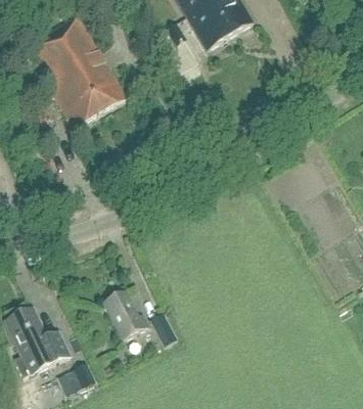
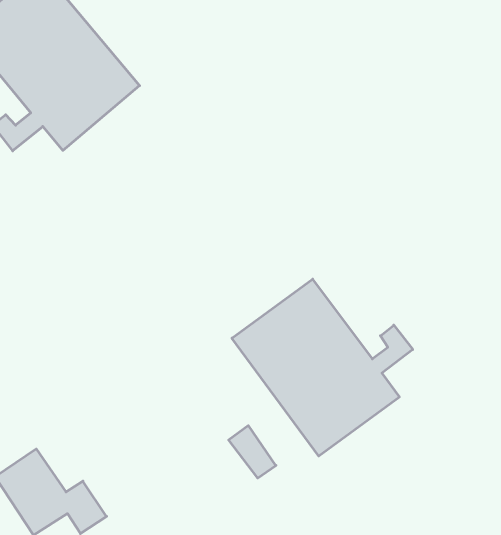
building: none -> [232,279,413,456]
building: [101,289,148,338] -> none

